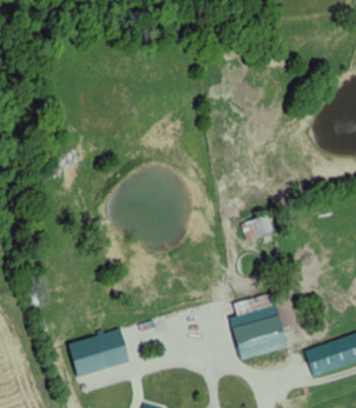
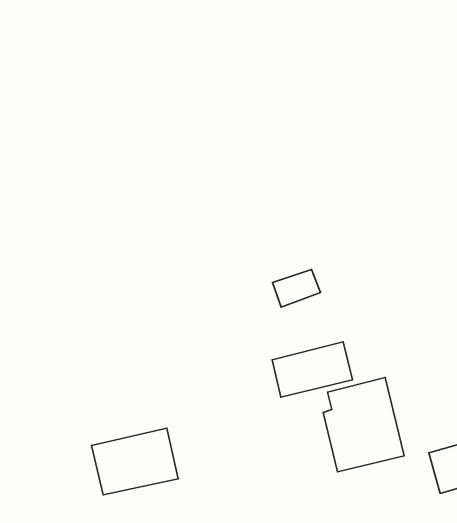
building: [240,215,274,242] -> [273,269,320,307]
building: none -> [272,342,352,397]

